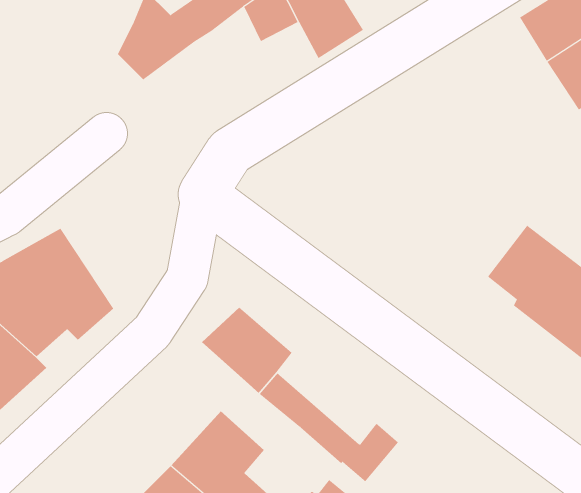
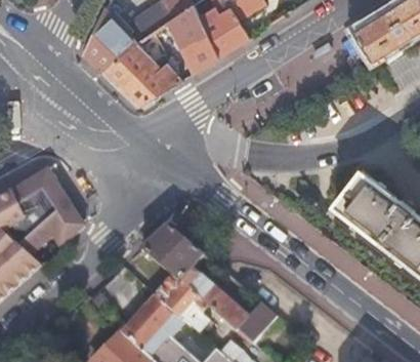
building: none -> [181,31,220,73]
building: none -> [102,37,183,107]
building: none -> [155,273,209,330]

